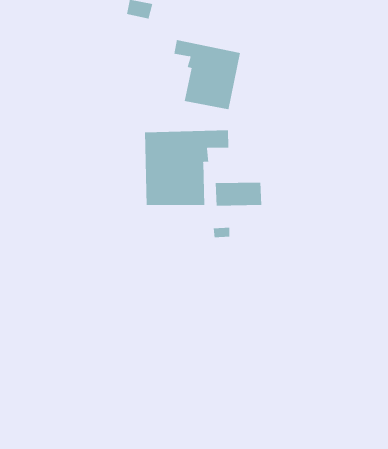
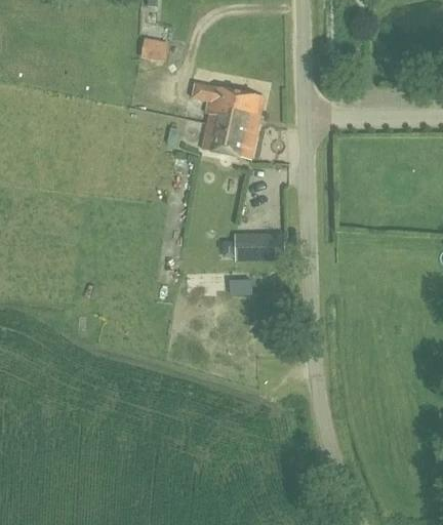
building: [145,130,229,206] -> none

